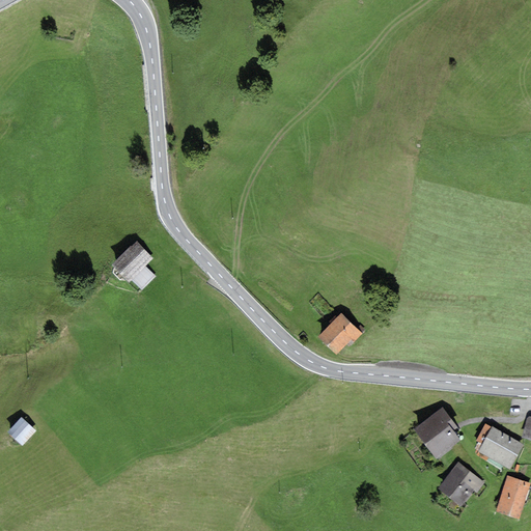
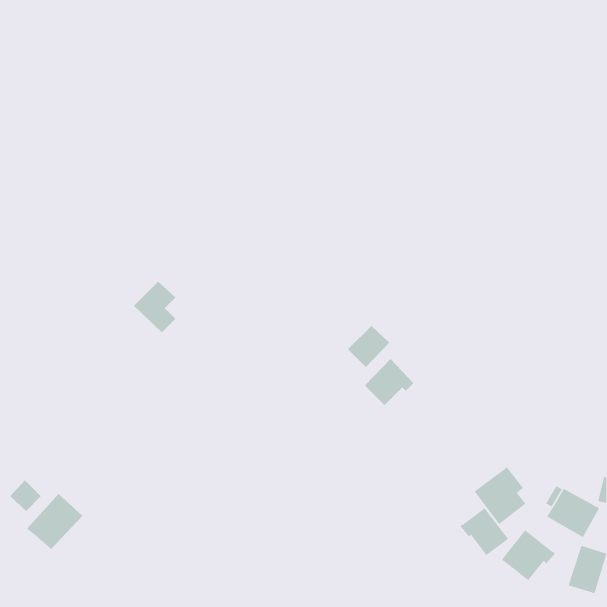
building: none -> [347,325,390,368]
building: none -> [26,493,83,550]
building: none -> [460,507,509,556]

